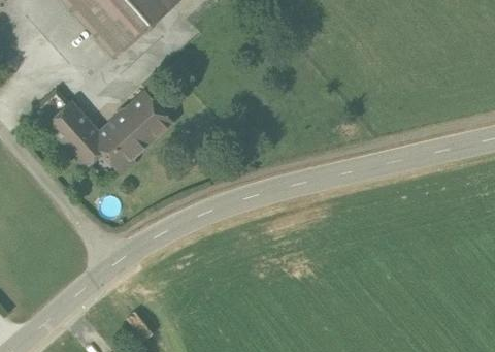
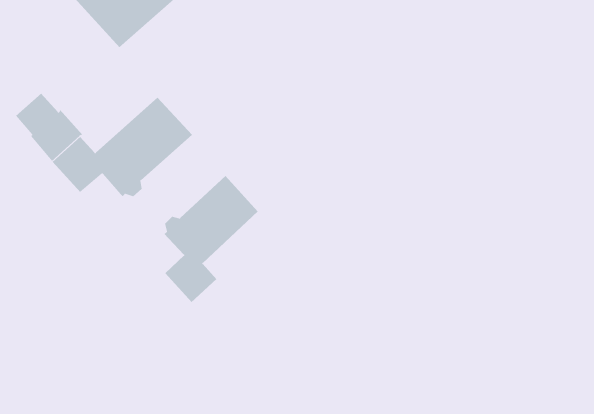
building: none -> [163,175,258,303]

